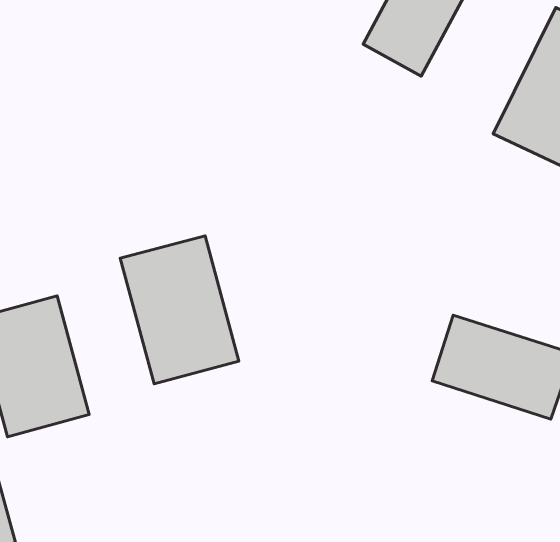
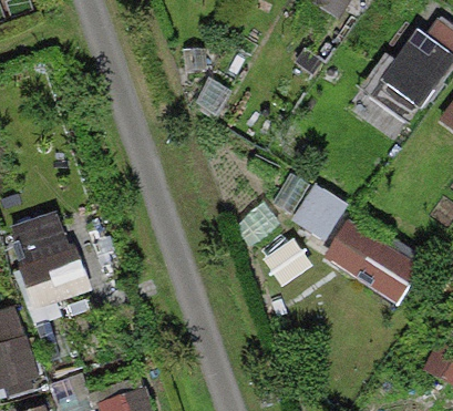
building: [120,236,239,384] -> none

